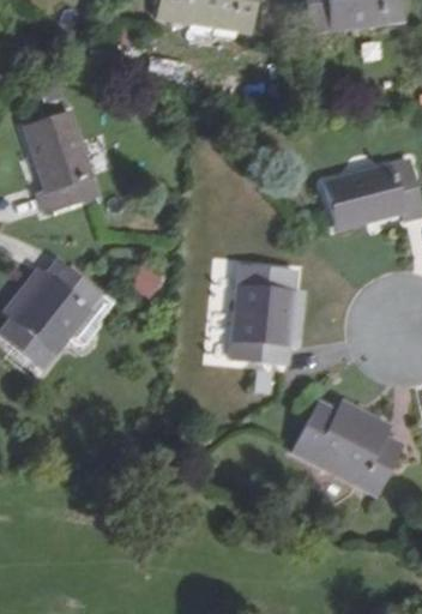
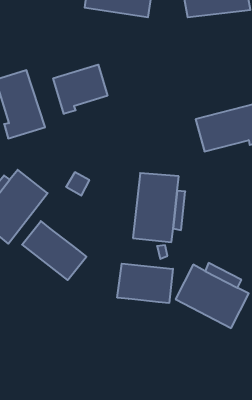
building: none -> [53,65,107,114]
building: none -> [22,221,86,280]
building: none -> [117,264,173,303]

